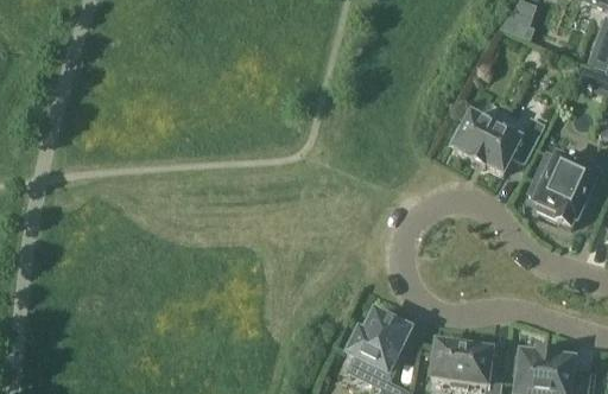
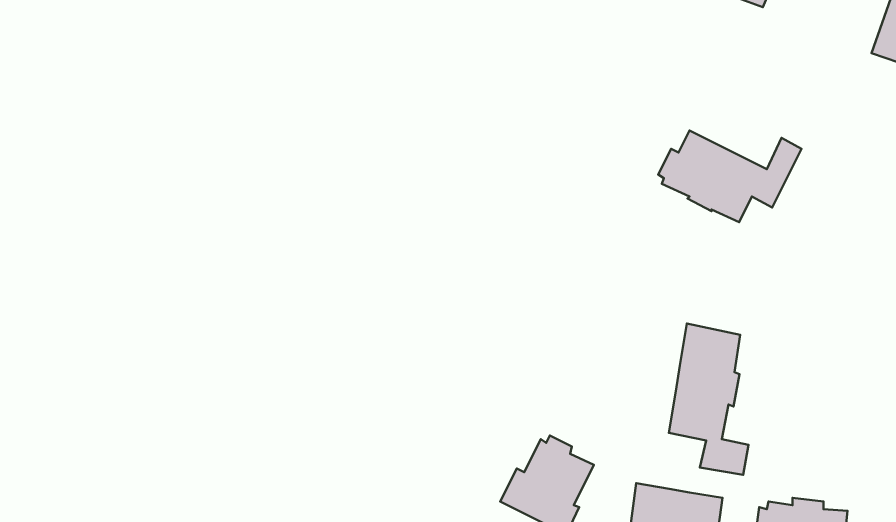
building: [536,152,598,224] -> none
building: none -> [669,324,748,475]

